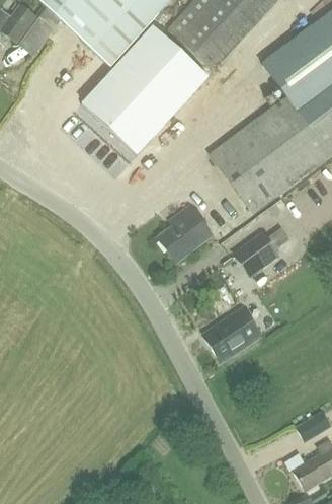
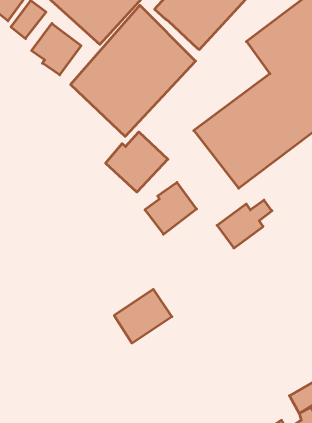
building: none -> [32,23,81,75]
building: none -> [106,132,168,192]
building: [202,306,262,362] -> [114,289,172,343]

